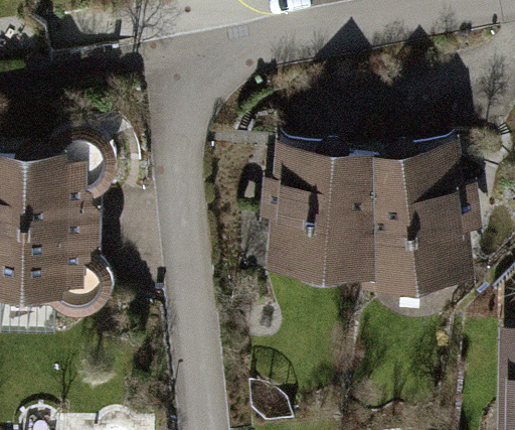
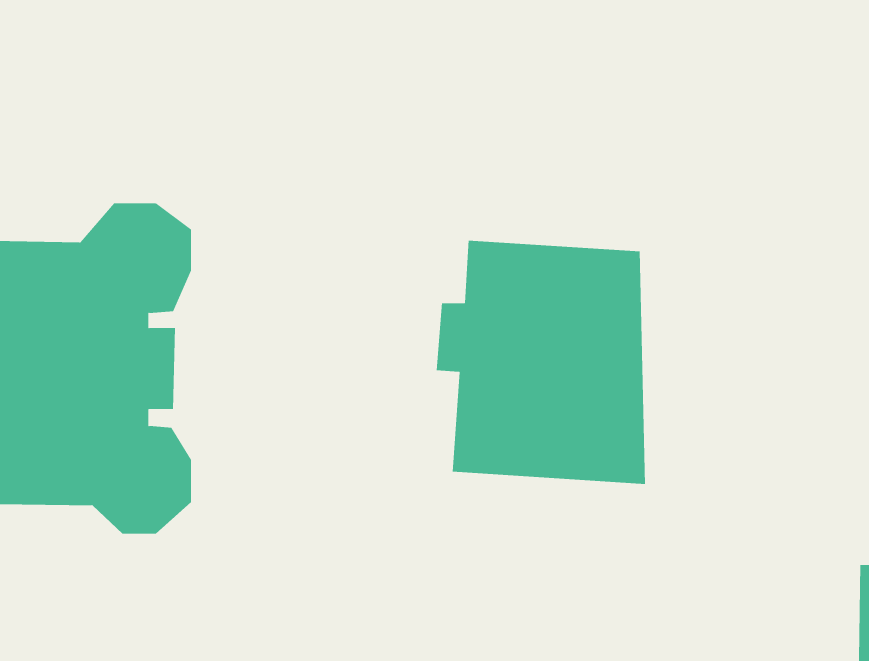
building: [374,148,482,296] -> none

